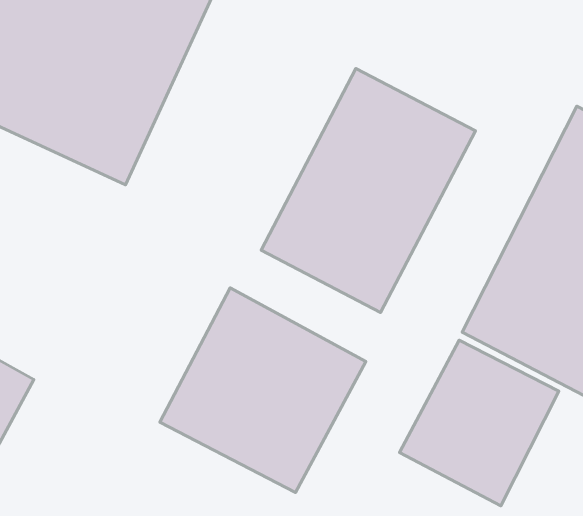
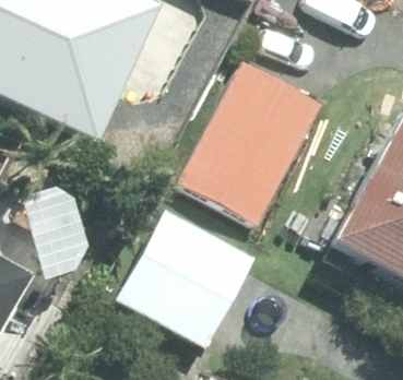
building: [400,340,559,506] -> none

